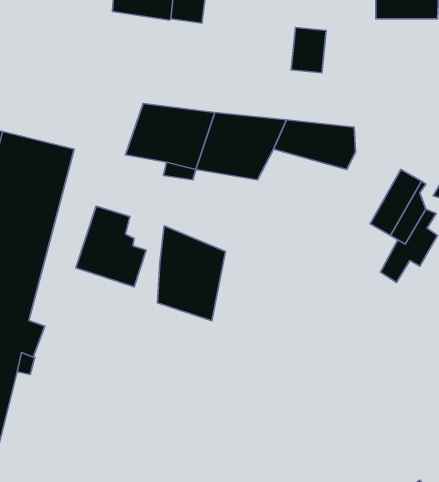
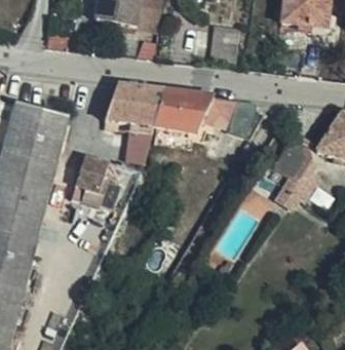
building: [157,226,225,321] -> none

